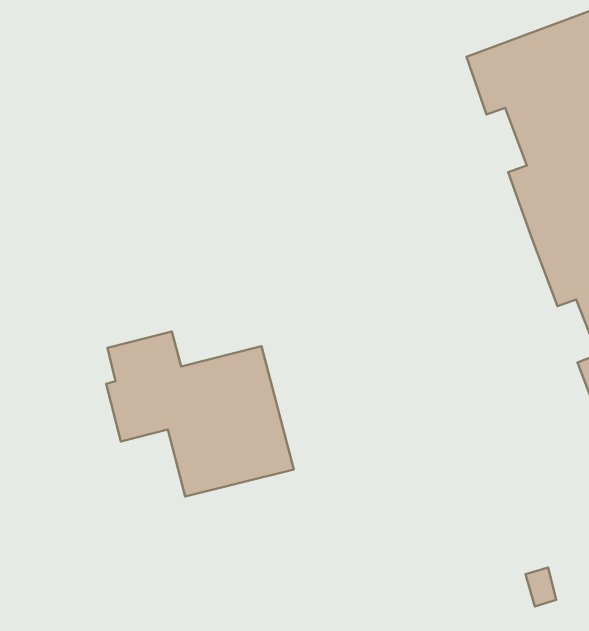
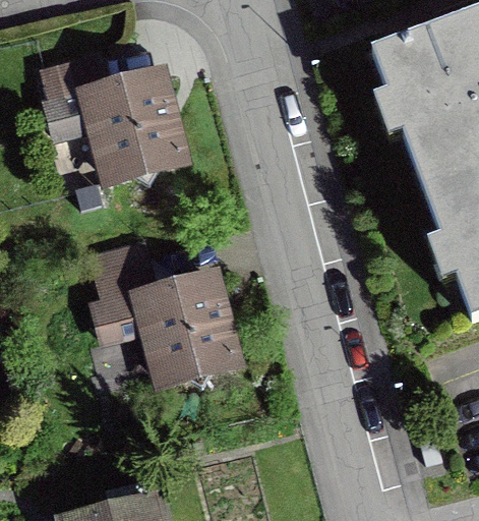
building: none -> [39,52,181,180]

